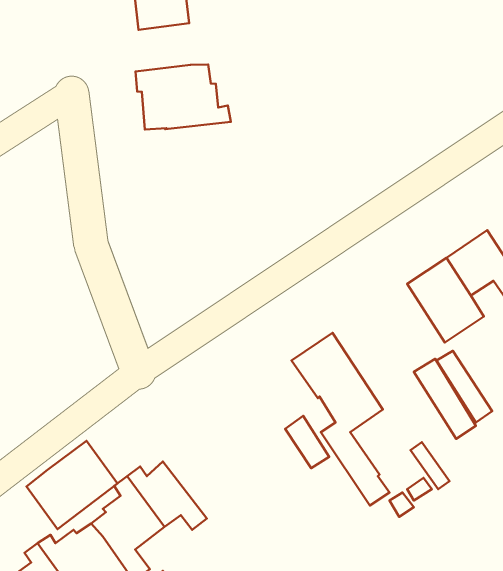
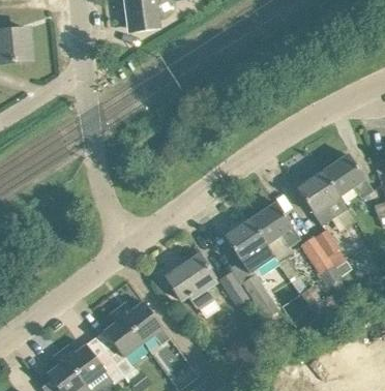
building: [135,65,231,129] -> none
building: none -> [249,202,299,267]
building: none -> [165,252,216,307]
building: [26,441,117,529] -> none

